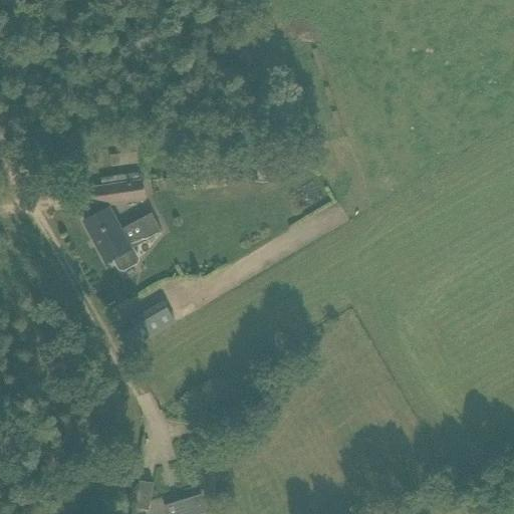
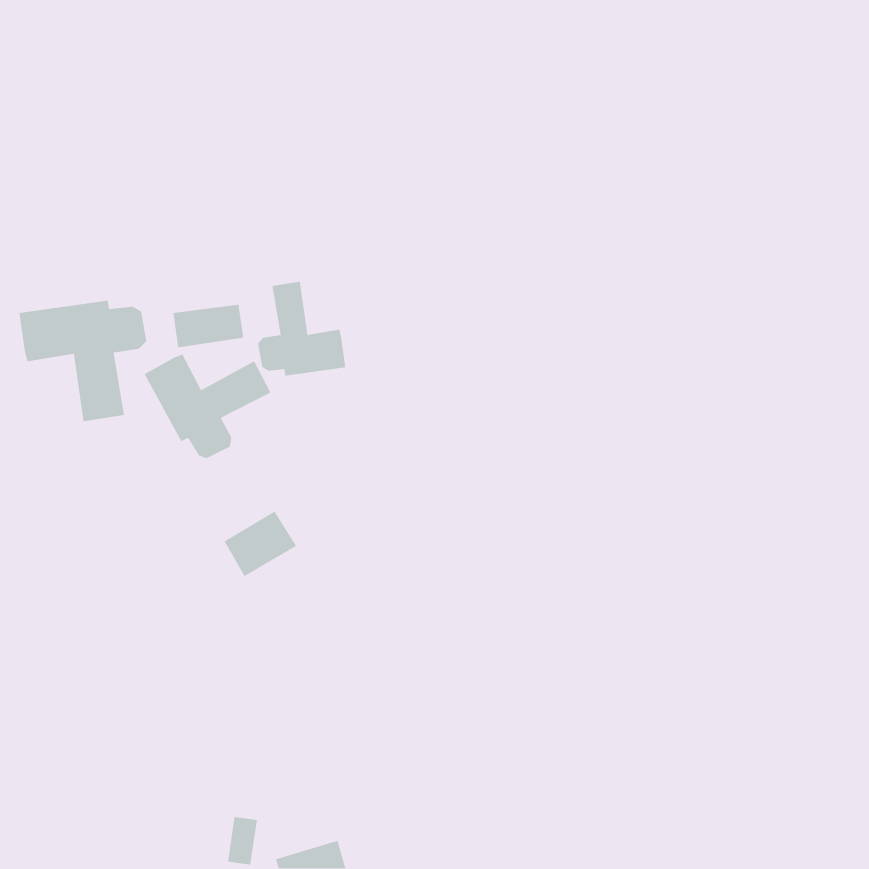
building: none -> [257,281,346,376]
building: none -> [19,300,147,422]

